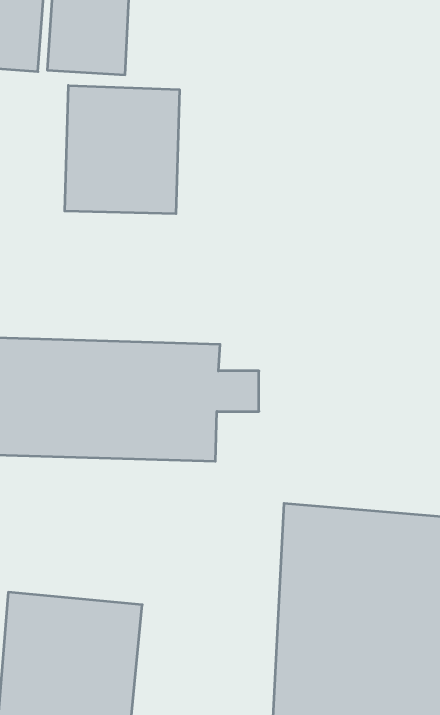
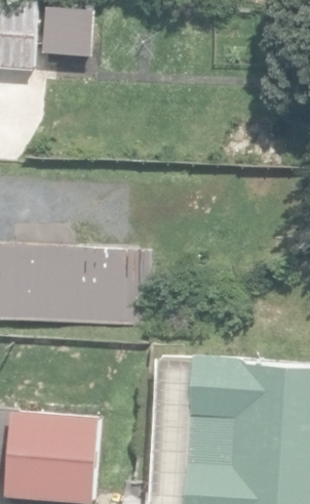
building: [65,85,179,214] -> none

